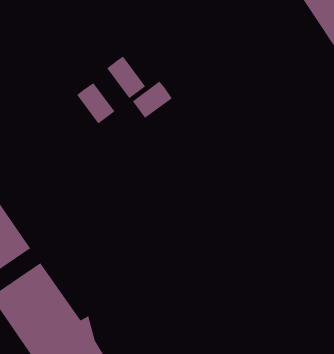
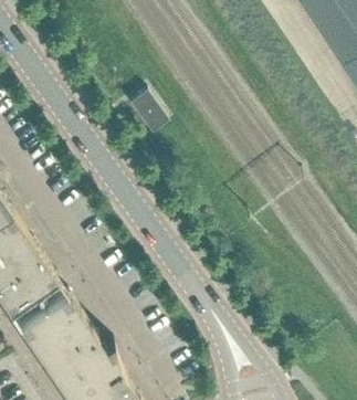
building: [132,81,173,119] -> none
building: [76,82,115,124] -> none

